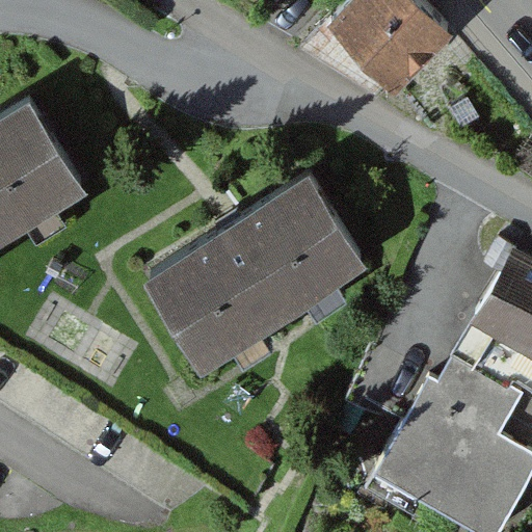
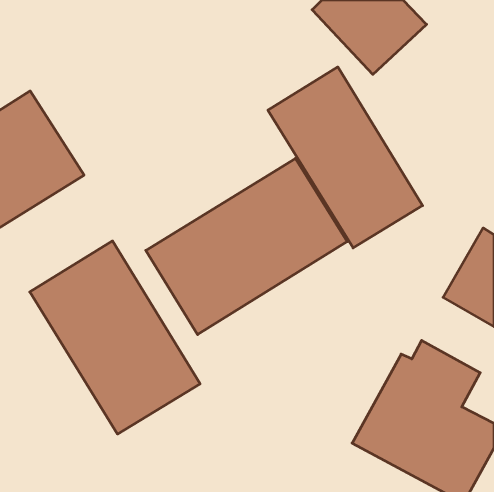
building: none -> [268,67,423,248]
building: none -> [30,241,200,434]

